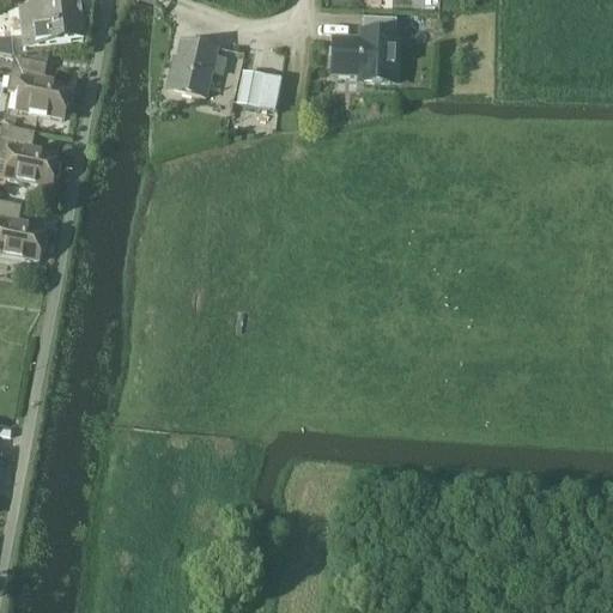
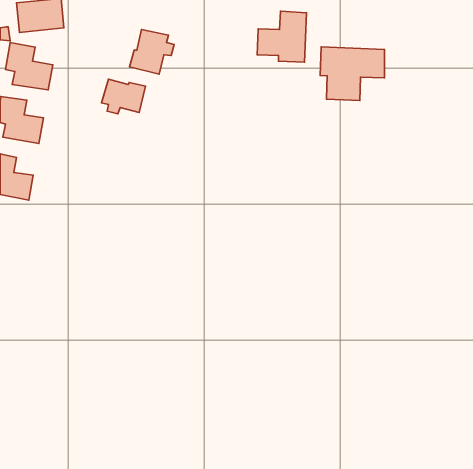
building: none -> [320,47,384,101]
building: [238,69,280,105] -> none
building: none -> [101,79,146,114]

